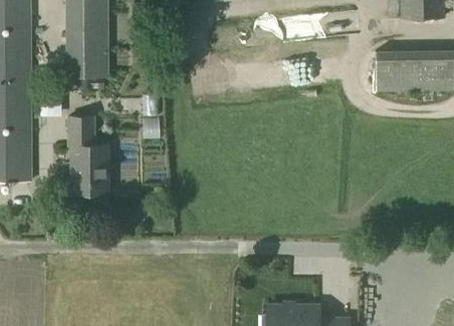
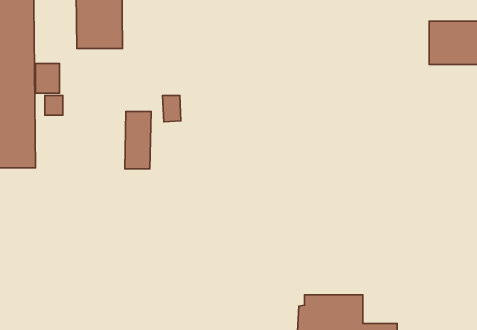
building: [68,115,108,192] -> none

